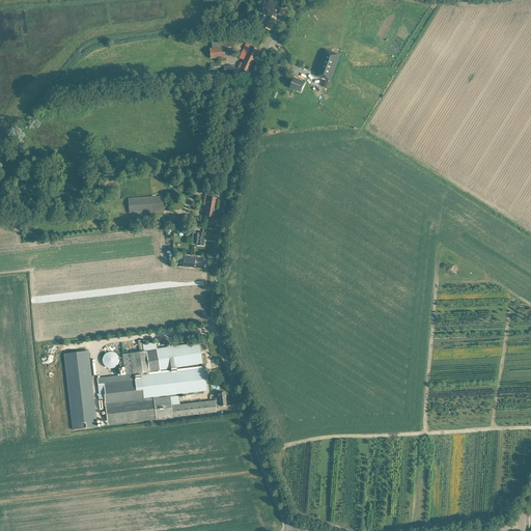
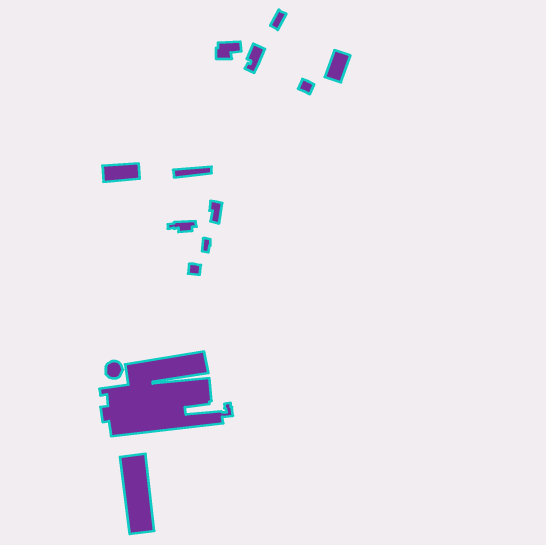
building: [128,195,164,213] -> [102,164,140,182]
building: [63,351,96,428] -> [120,454,154,534]

